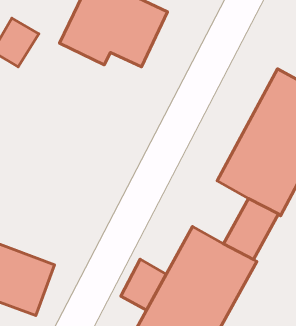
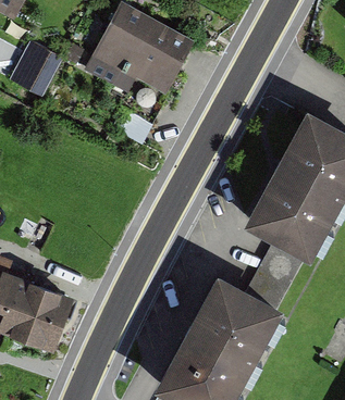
building: [121,259,166,310] -> none

